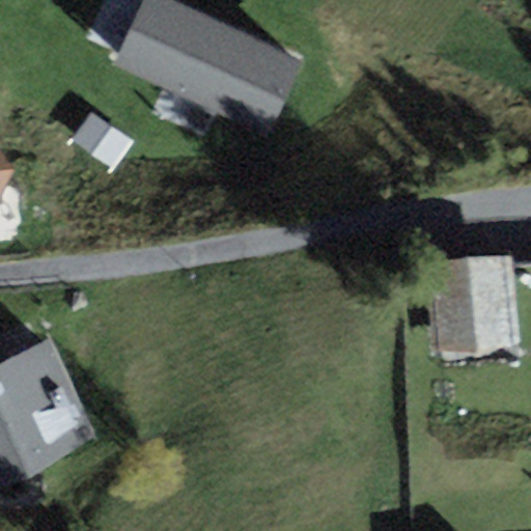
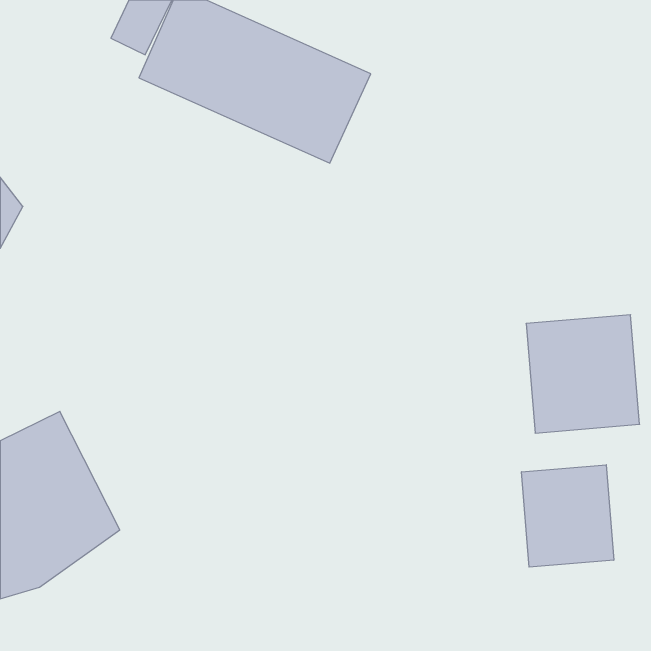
building: none -> [522,465,614,567]

